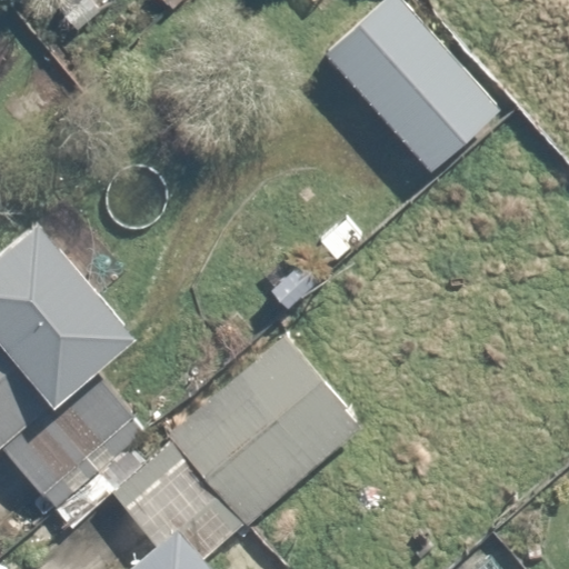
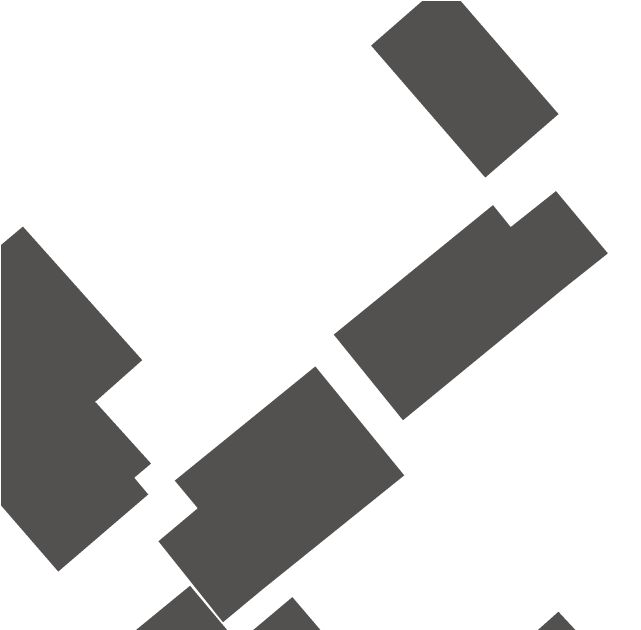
building: none -> [333,190,609,421]

